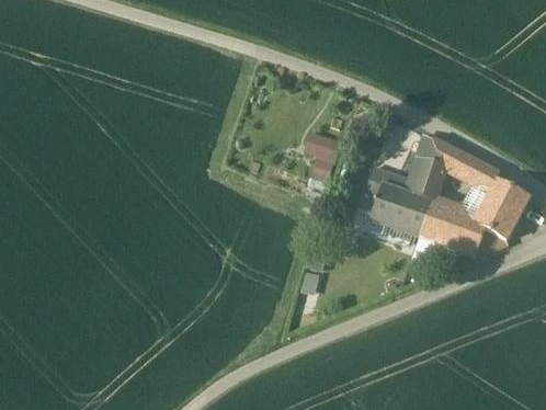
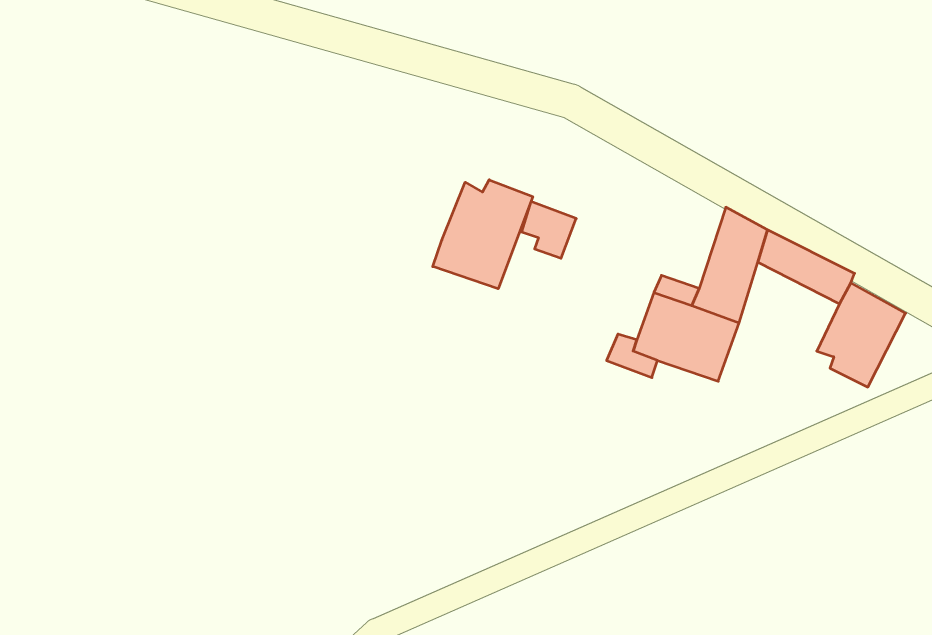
building: none -> [433,180,533,289]
building: [420,200,487,253] -> none

